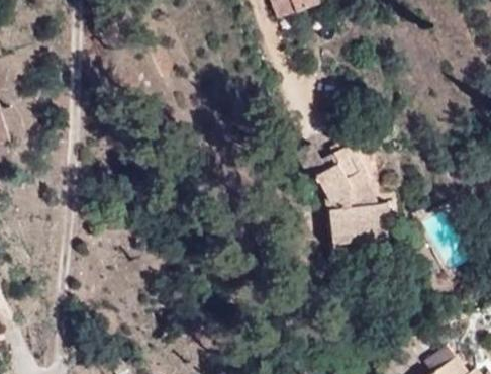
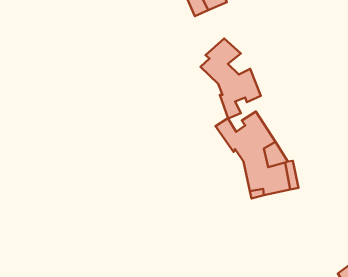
building: none -> [201,39,261,119]

